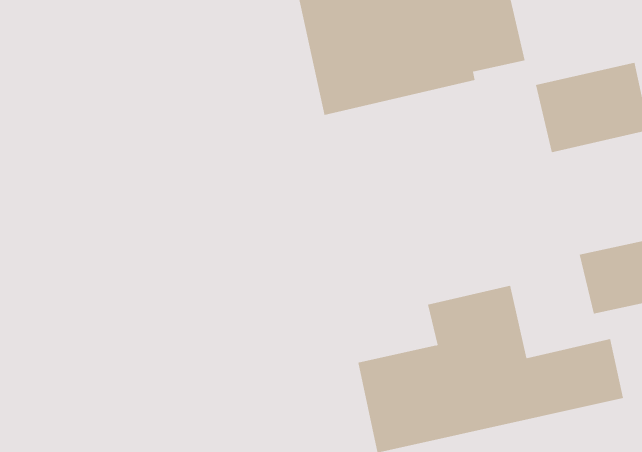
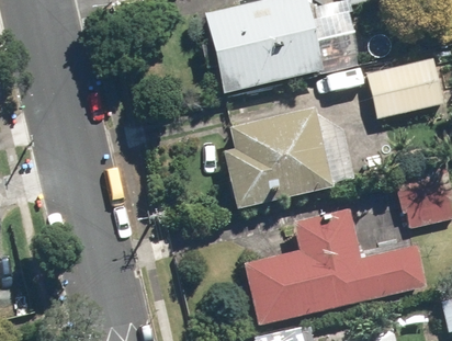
building: none -> [225,106,355,209]

